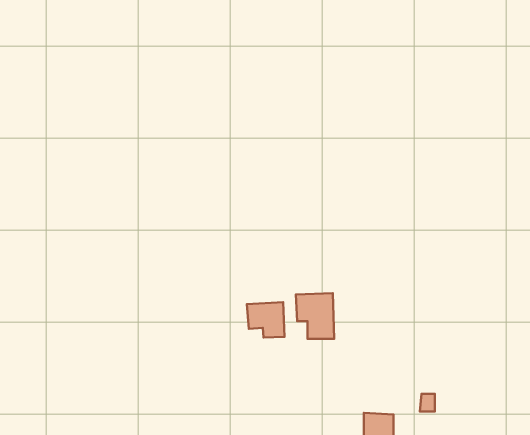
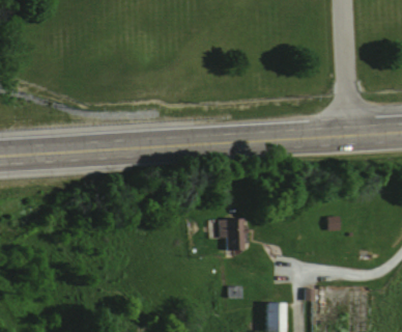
building: [247,302,285,337] -> none

